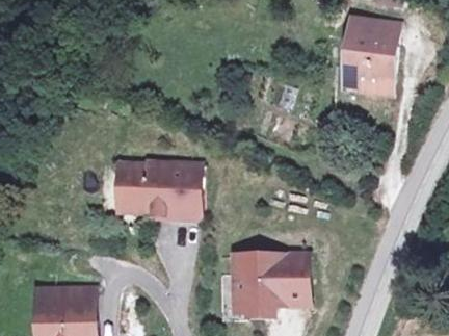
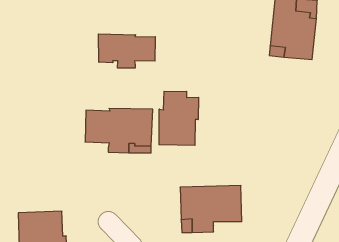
building: none -> [99,34,155,68]
building: none -> [159,91,199,145]

